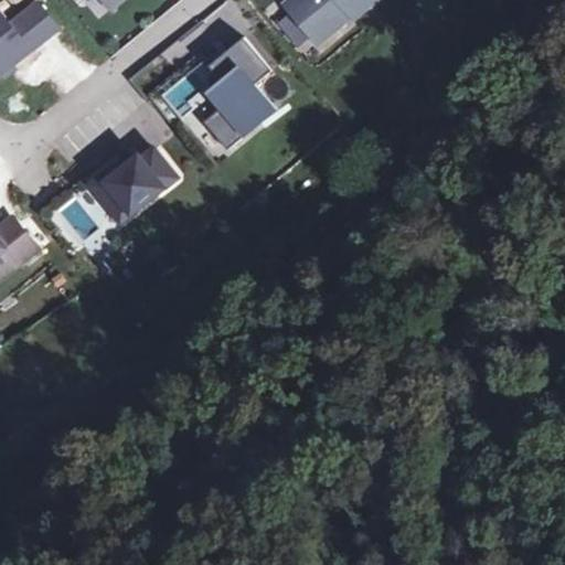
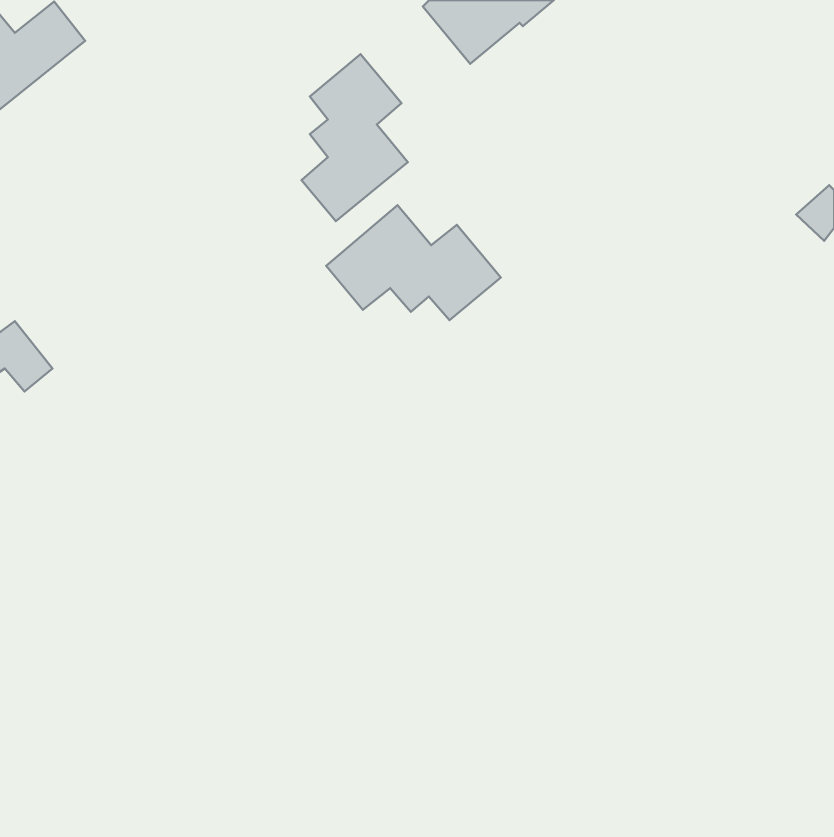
building: none -> [326,205,501,320]
building: [90,148,175,221] -> none

